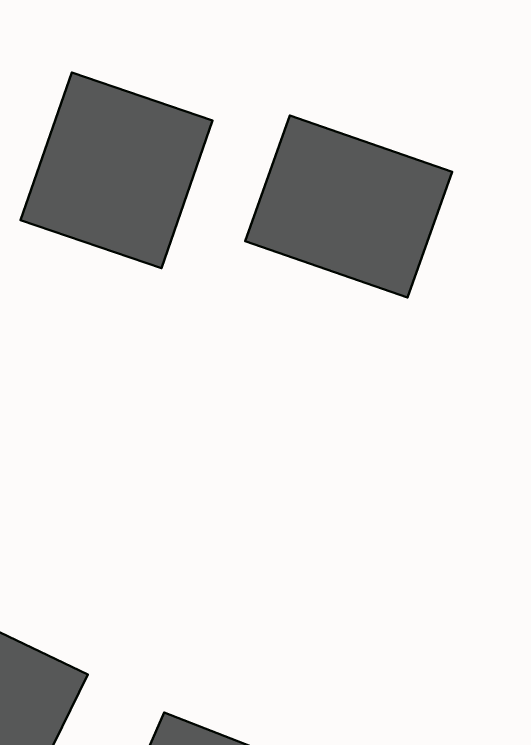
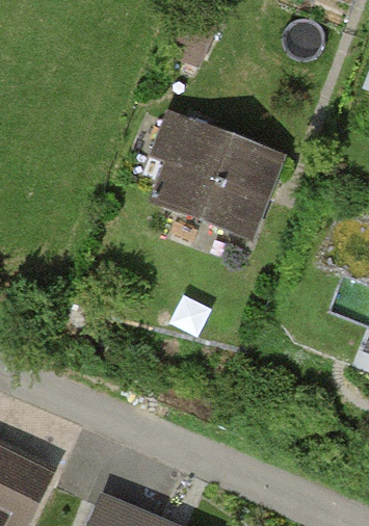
building: [20,72,213,268] -> none

